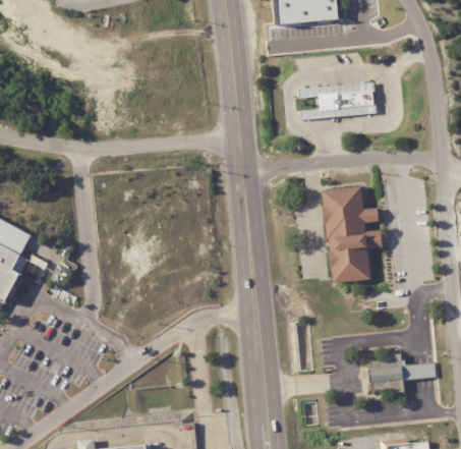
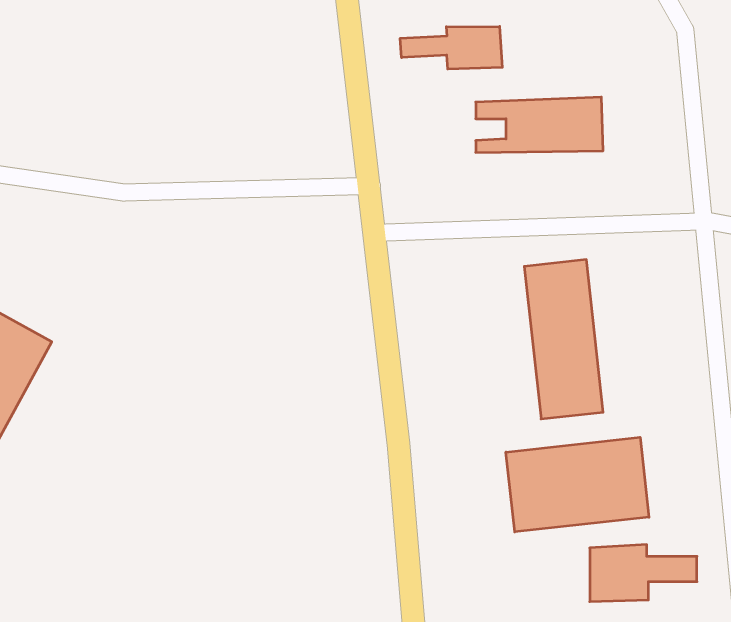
building: none -> [400,26,502,69]
building: none -> [506,437,649,532]

